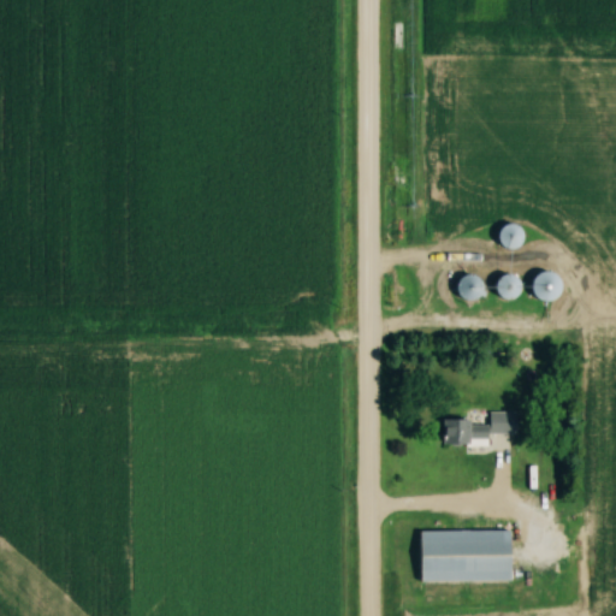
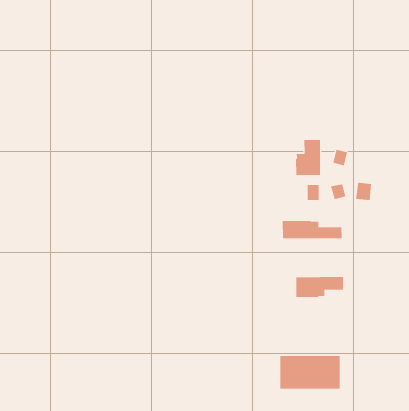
building: none -> [295,139,321,176]
building: none -> [282,220,342,239]

